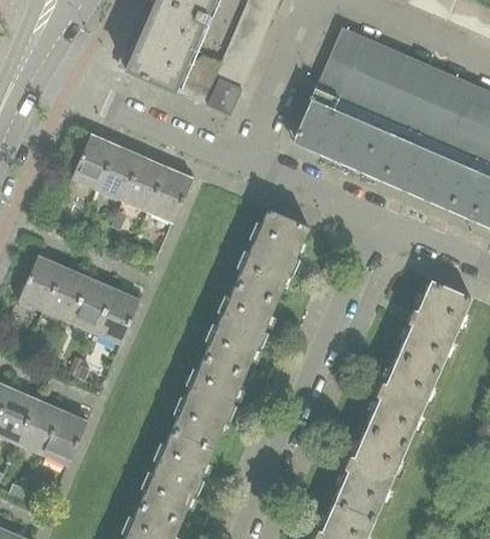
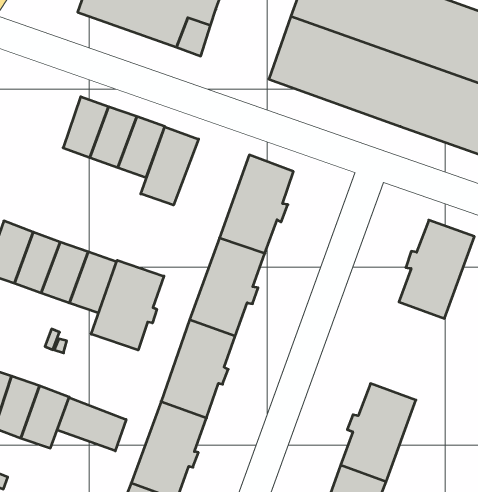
building: [71,132,117,190] -> none
building: none -> [141,127,199,205]
building: none -> [91,260,164,350]
building: [366,353,438,444] -> none
building: none -> [57,398,126,451]

